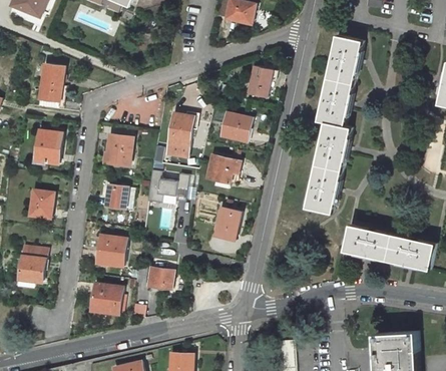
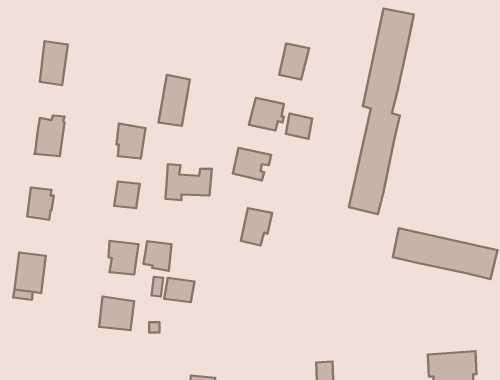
building: [166,113,193,157] -> [159,75,190,126]
building: none -> [286,114,312,139]
building: none -> [143,241,172,271]

